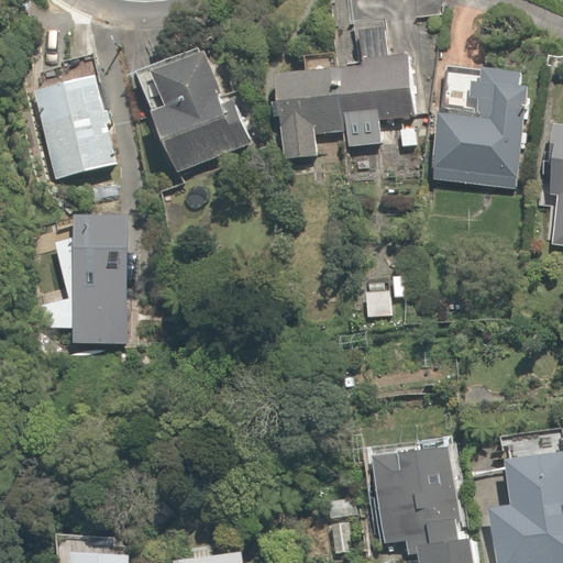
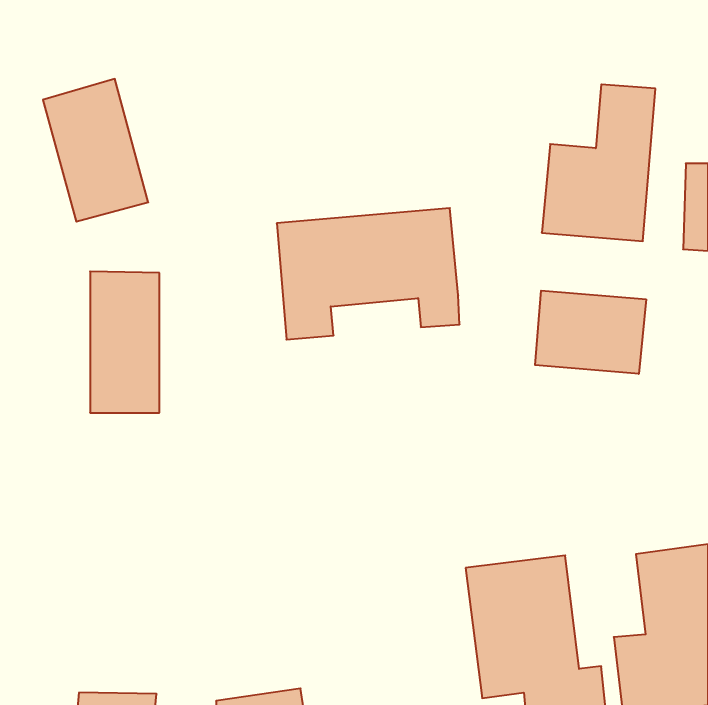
building: [150,48,243,177] -> none
building: [273,56,418,161] -> [277,208,460,340]
building: none -> [535,291,646,374]

